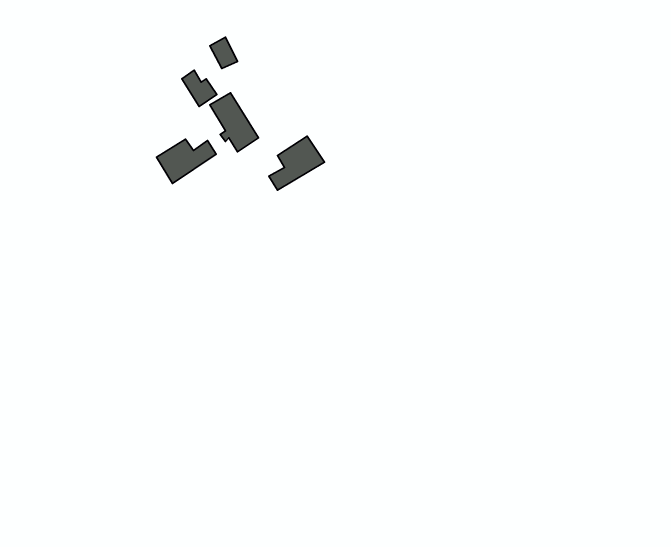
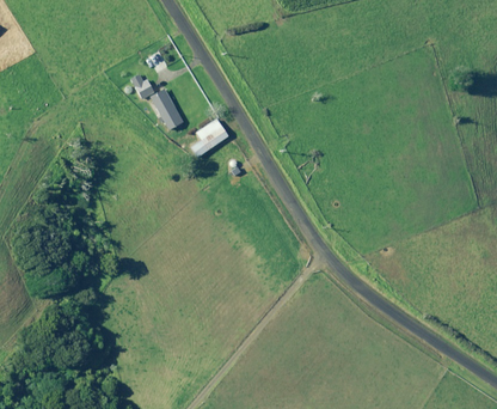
building: [157,139,216,183] -> none

